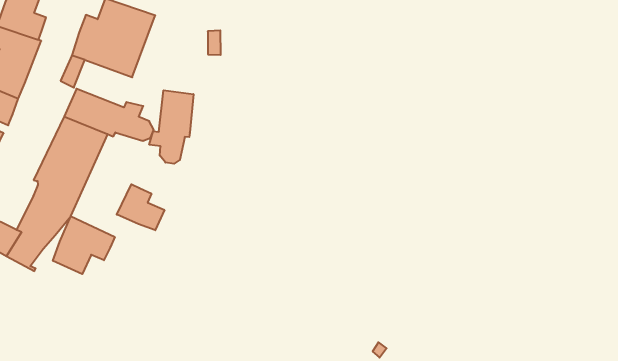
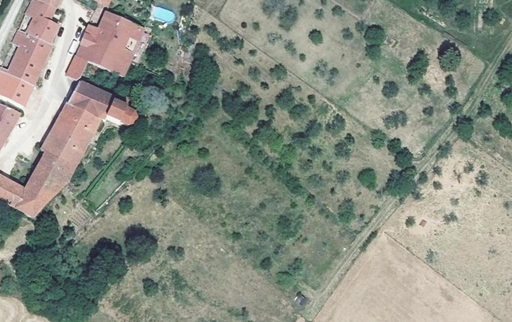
building: [149,90,193,164] -> none
building: [117,184,164,230] -> none
building: [53,216,115,274] -> none

